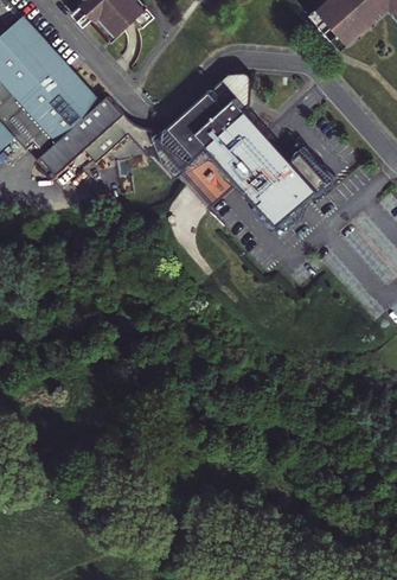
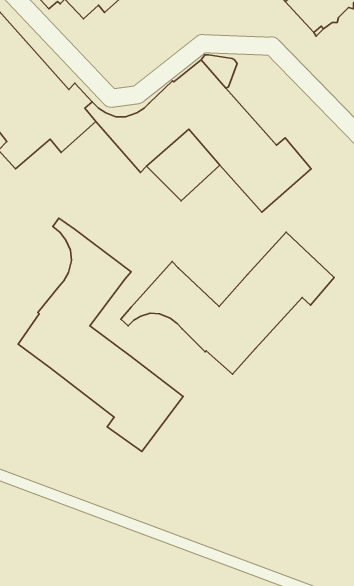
building: none -> [18,218,183,452]
building: none -> [121,232,334,374]

